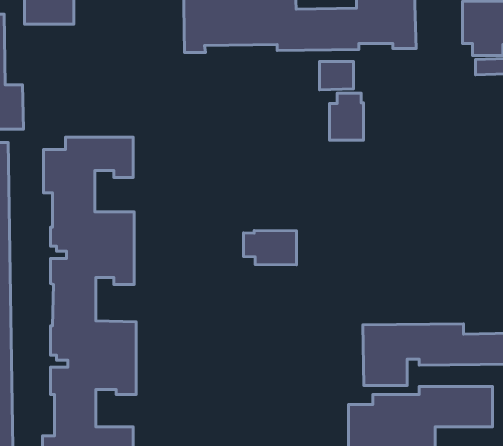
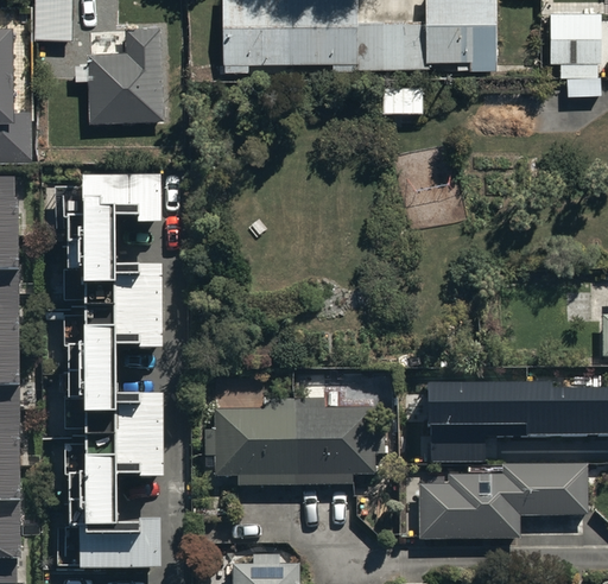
building: none -> [87,25,163,120]
building: [329,93,363,140] -> none
building: [243,231,296,265] -> none
building: none -> [202,407,384,487]

